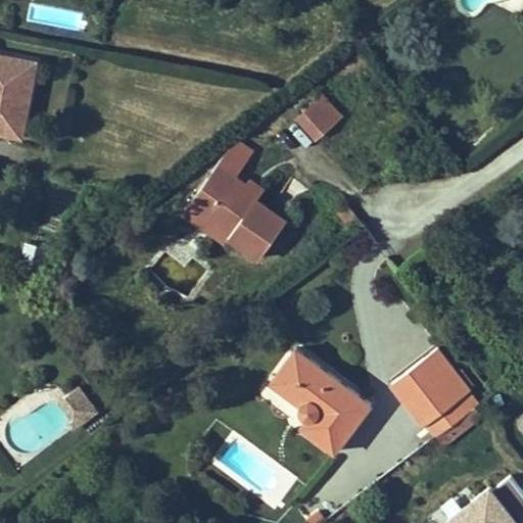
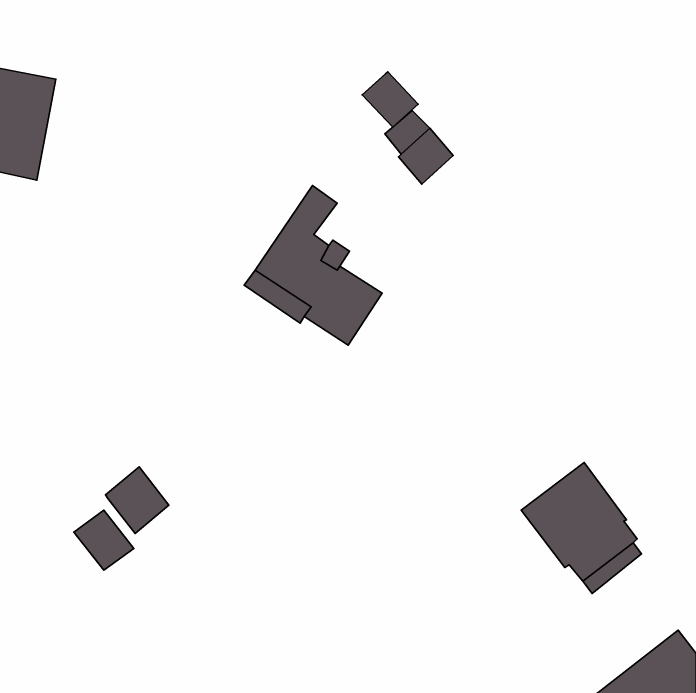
building: none -> [362,72,418,127]
building: [271,350,370,454] -> none
building: none -> [105,467,169,533]

